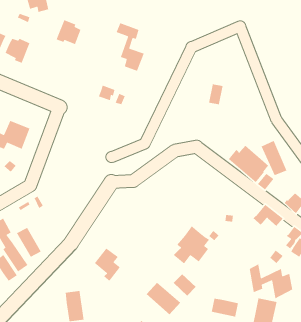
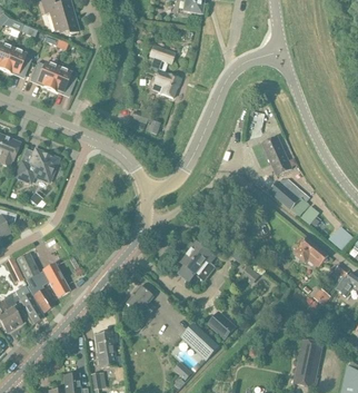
building: [56,19,82,45] -> [49,67,77,95]
building: [261,140,288,176] -> [262,136,291,175]
building: [173,225,210,265] -> [177,242,217,284]
building: [249,263,293,299] -> none
building: [211,298,239,317] -> none

